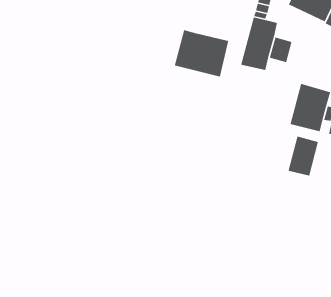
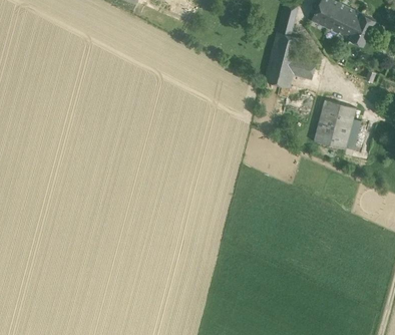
building: [174,29,229,78] -> none
building: [288,135,319,176] -> none

